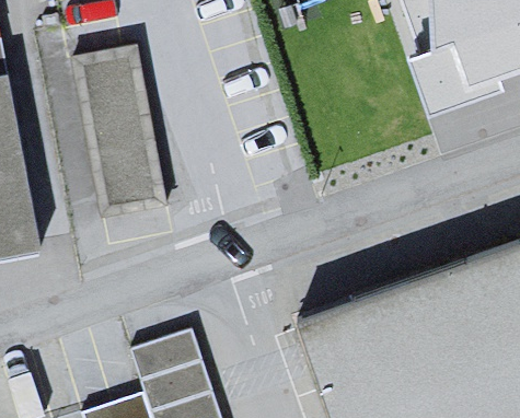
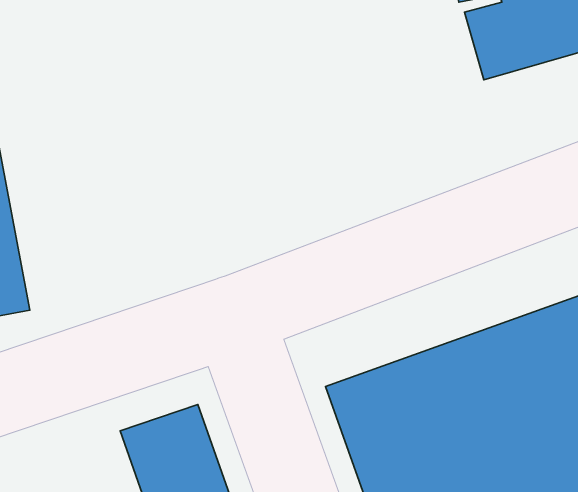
building: [74,47,161,220] -> none

